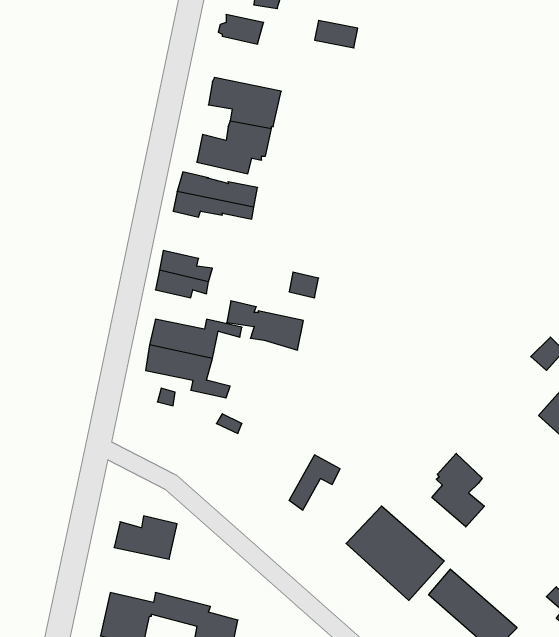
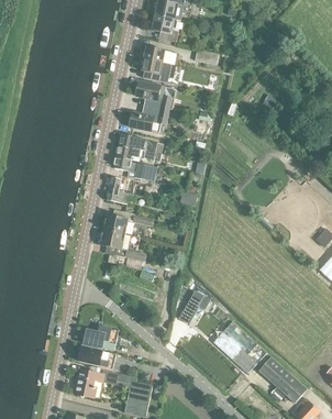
building: none -> [139,57,179,84]
building: [227,301,303,350] -> [112,155,155,183]
building: [432,453,484,527] -> none
building: none -> [70,345,106,367]

